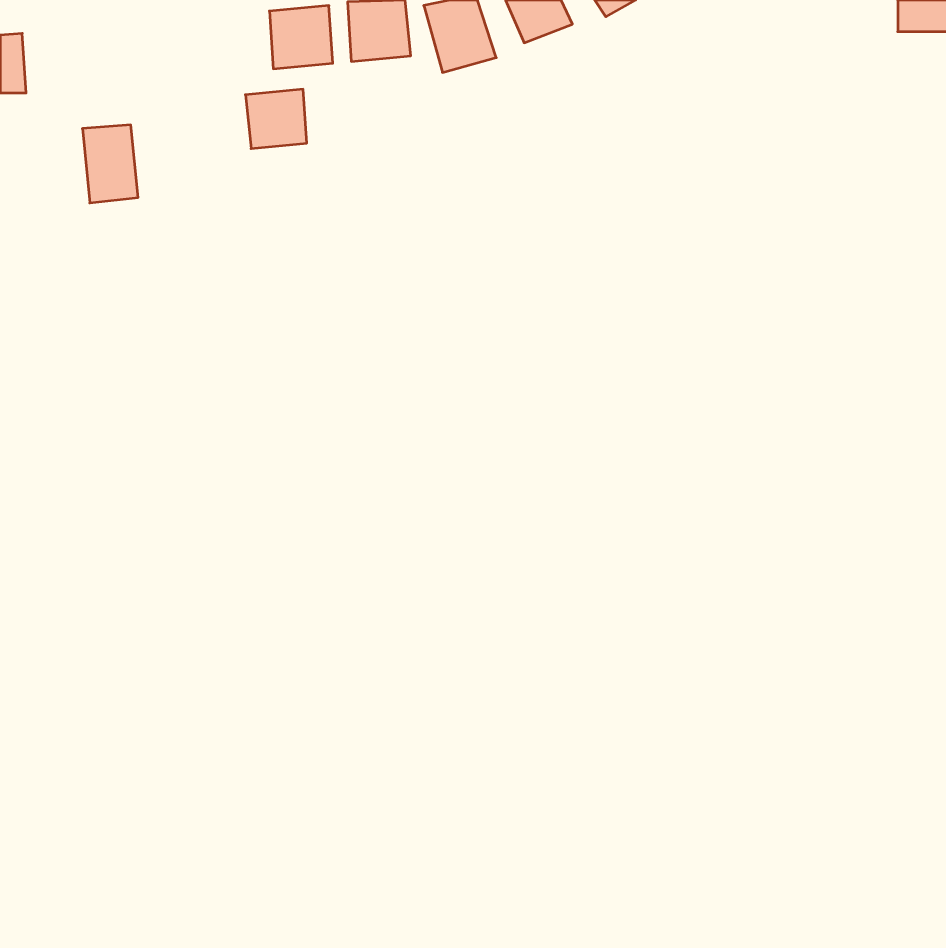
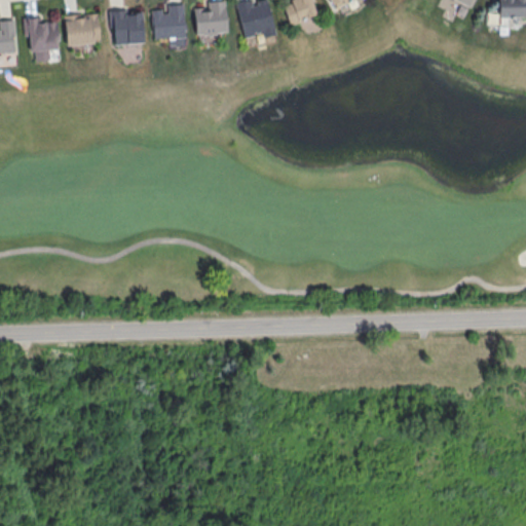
building: none -> [65,13,101,47]
building: [245,89,307,149] -> [111,11,145,44]
building: [82,125,138,203] -> [31,20,62,63]

